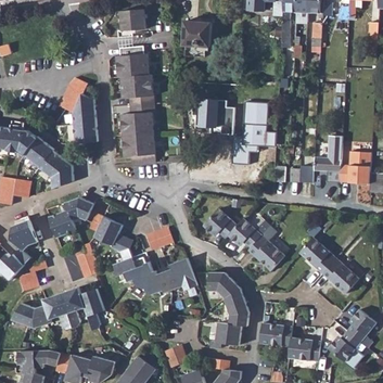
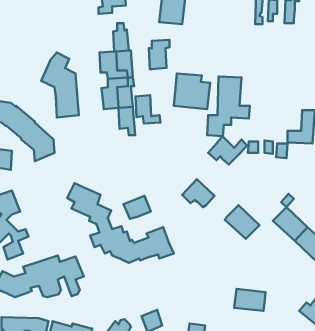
building: [117,47,139,77] -> [149,40,170,69]
building: [125,135,151,164] -> [136,95,161,124]
building: [48,197,92,239] -> none
building: [231,218,271,247] -> [208,136,247,164]
building: [74,244,101,279] -> none
building: [208,271,250,348] -> none
building: [290,336,322,359] -> none

